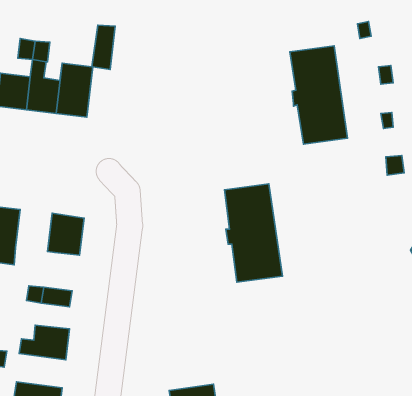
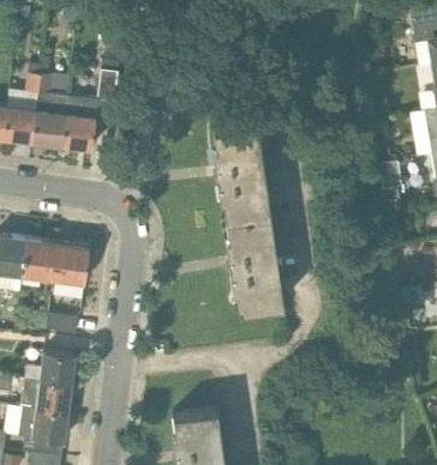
building: [290,46,348,144] -> [212,123,269,219]
building: none -> [22,238,58,279]
building: none -> [22,379,71,412]

